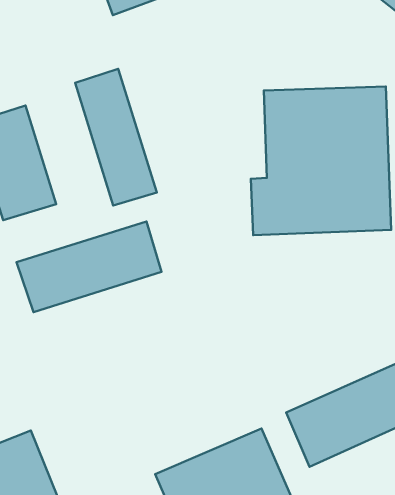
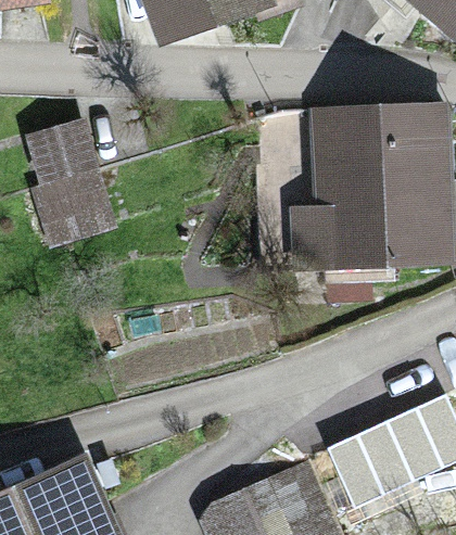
building: [75,69,157,206] -> none
building: [17,222,162,312] -> none

